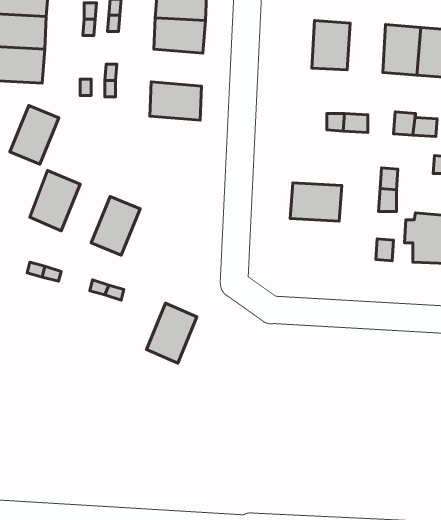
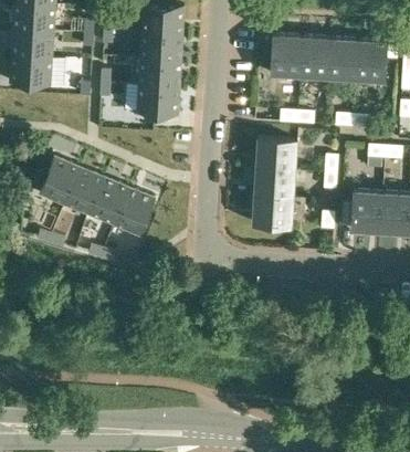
building: none -> [298,38,329,77]
building: none -> [139,59,181,88]
building: [10,105,59,164] -> [66,168,106,216]
building: none -> [254,138,296,169]
building: none -> [251,196,292,227]
building: [146,303,197,363] -> [115,188,156,236]

